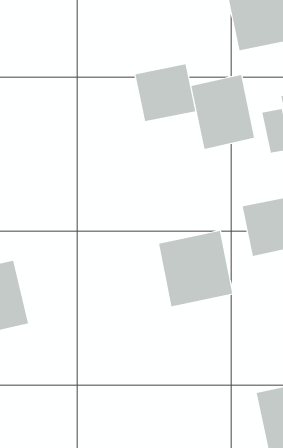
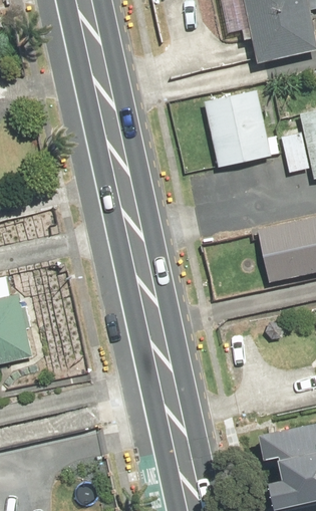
building: [135,64,196,122] -> none
building: [158,230,233,307] -> none

